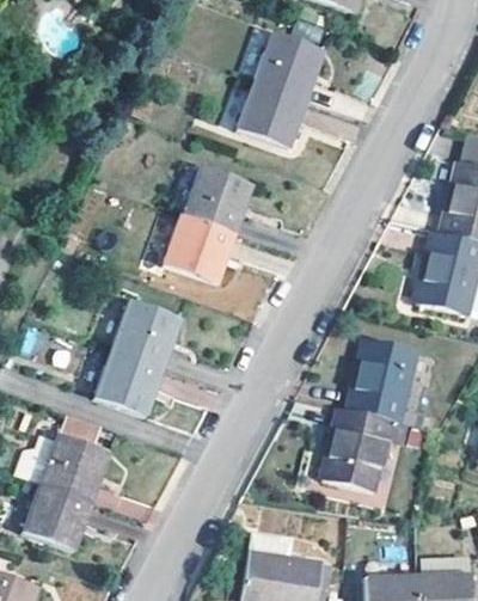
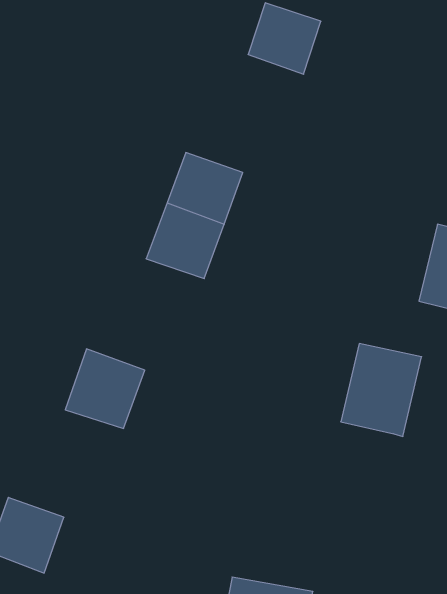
building: [241,79,310,145] -> none
building: [114,301,182,363] -> none
building: [304,407,391,493] -> none
building: [43,430,111,496] -> none

